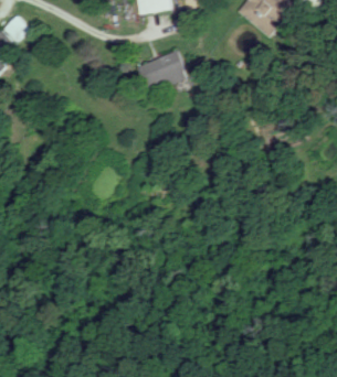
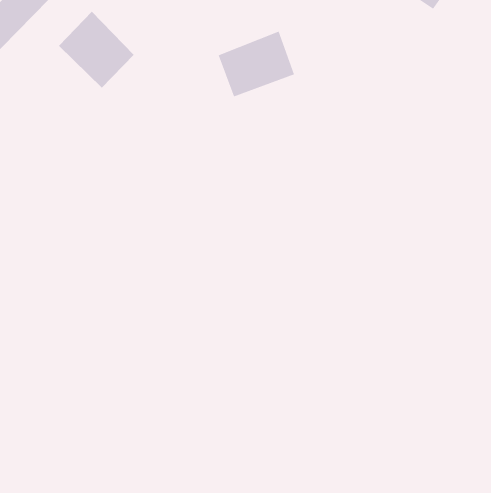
building: none -> [58,11,135,88]

